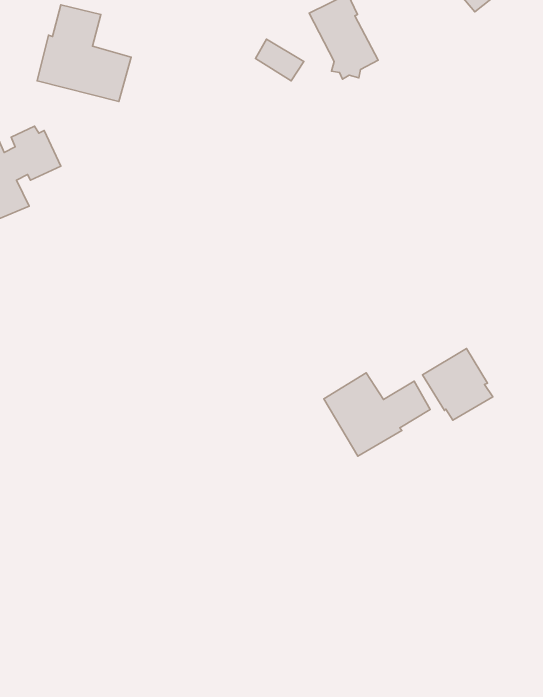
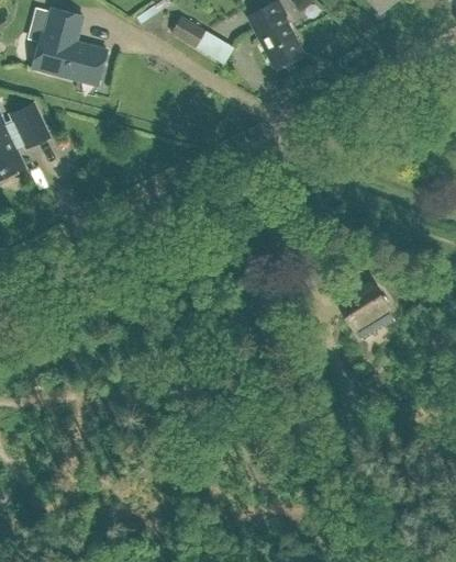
building: none -> [171,15,209,47]
building: [324,373,430,456] -> none

